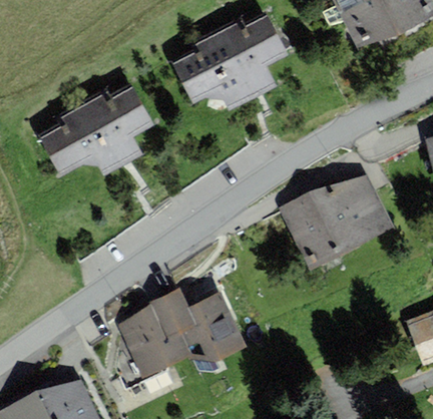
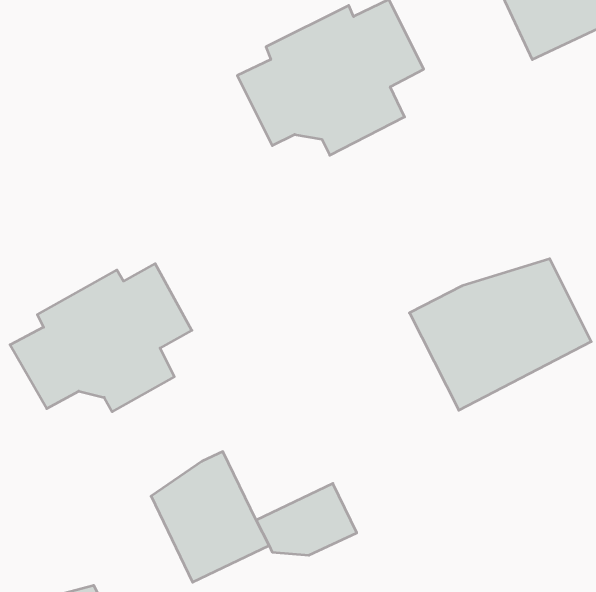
building: [39,83,153,176] -> [10,264,192,412]
building: [162,287,232,339] -> none

